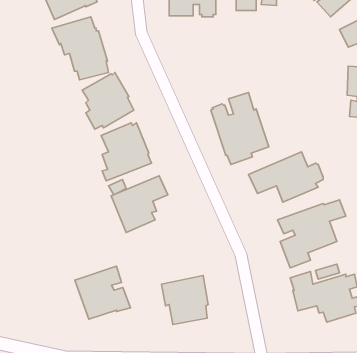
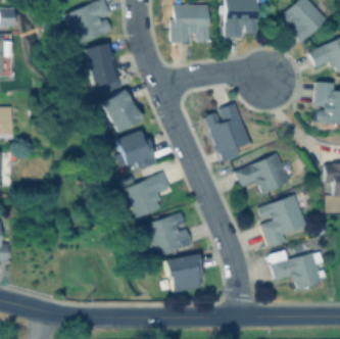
building: [75,266,130,319] -> [147,212,192,255]

